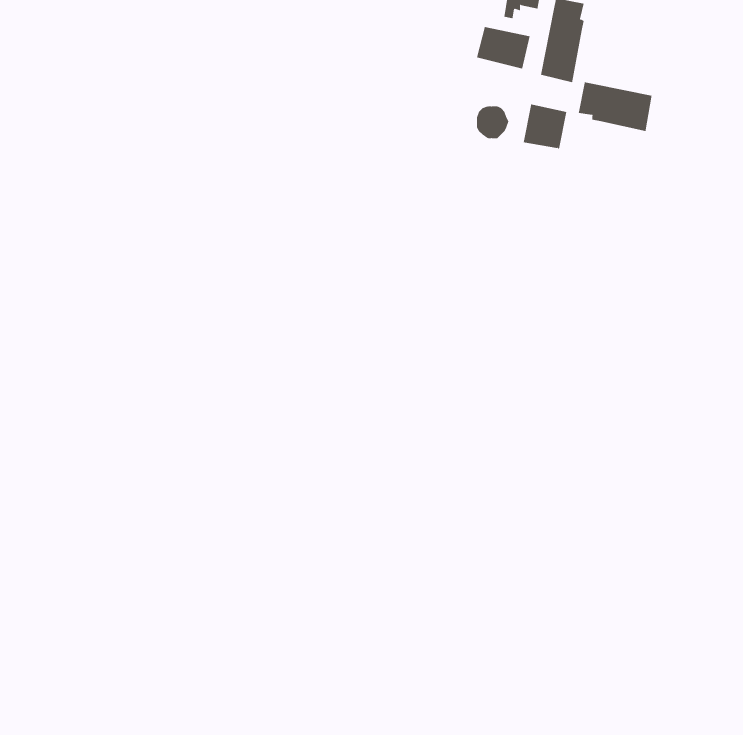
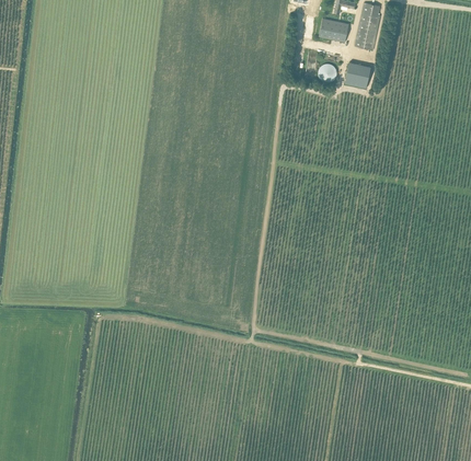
building: [578,82,652,132] -> none

